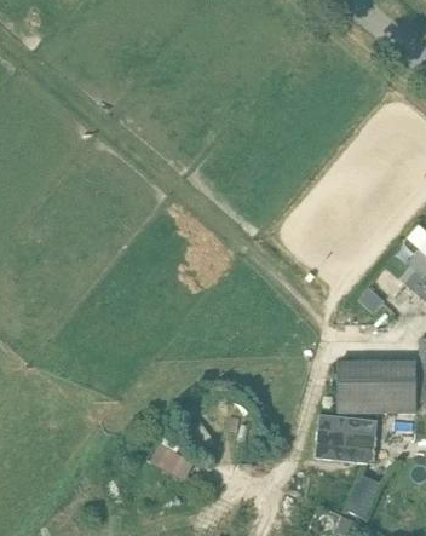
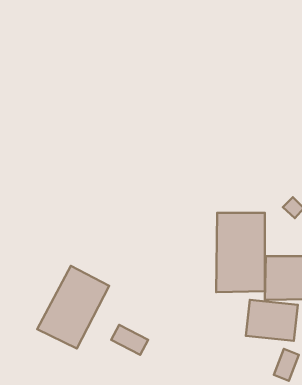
building: none -> [216,213,265,292]
building: none -> [37,266,109,349]

